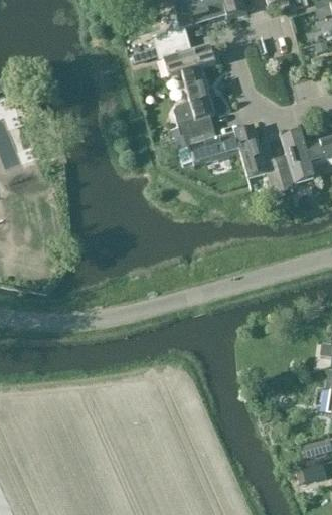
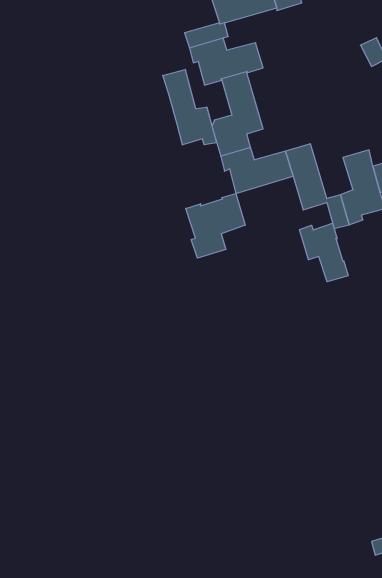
building: none -> [163,69,216,145]
building: none -> [186,194,245,258]
building: none -> [299,223,348,282]

